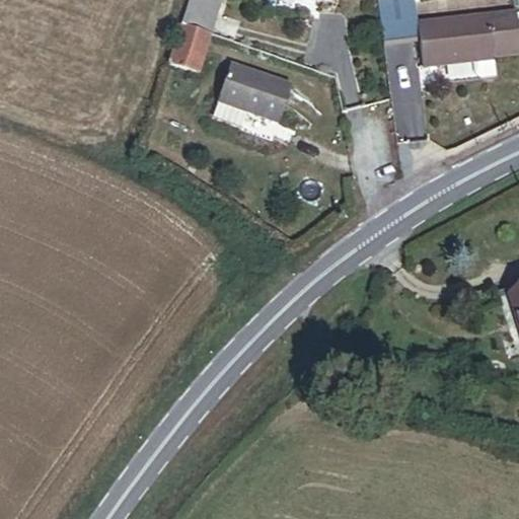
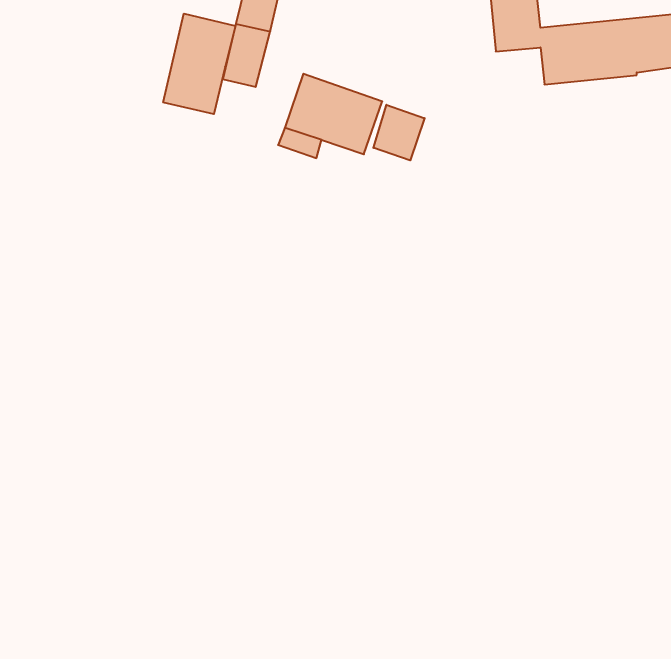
building: none -> [163,14,235,114]
building: none -> [373,105,425,160]

